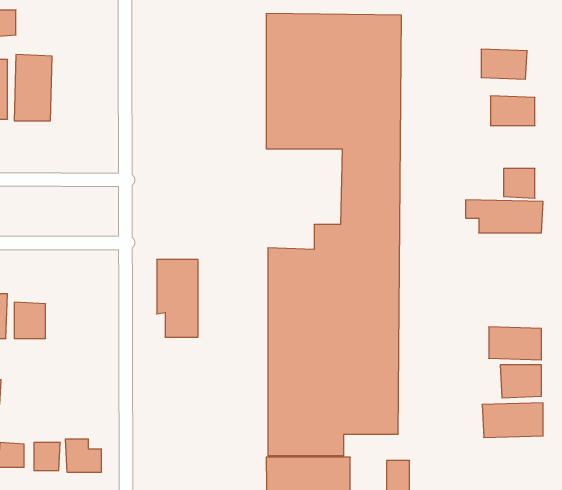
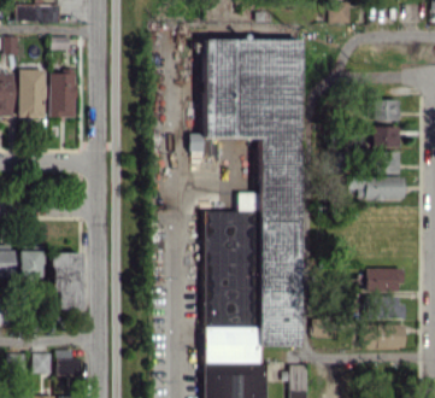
building: [481,49,527,79] -> [368,125,401,147]
building: none -> [51,72,77,117]
building: [157,260,198,337] -> [52,252,82,309]

